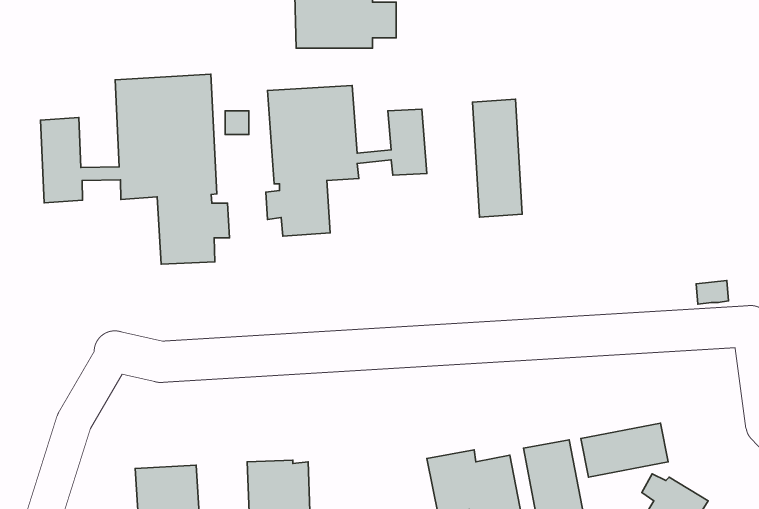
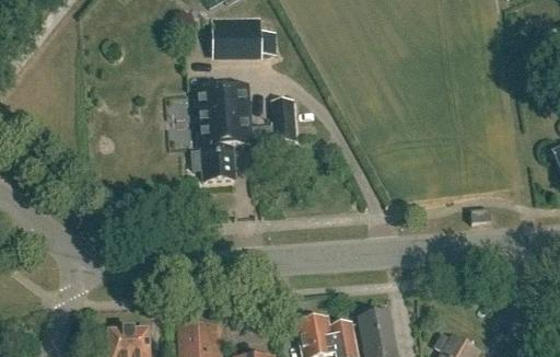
building: [41,74,229,264] -> none
building: [473,99,522,217] -> none
building: [581,423,668,477] -> none

